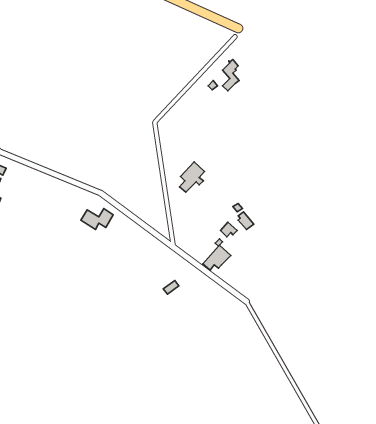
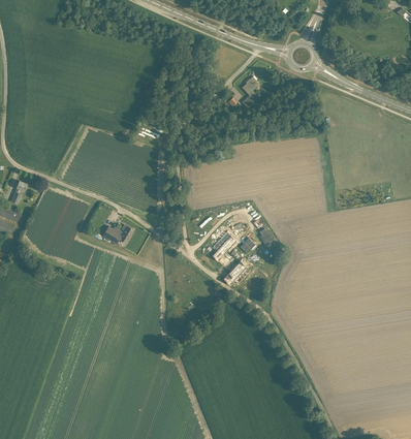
building: [180,162,205,192] -> [211,230,235,260]

